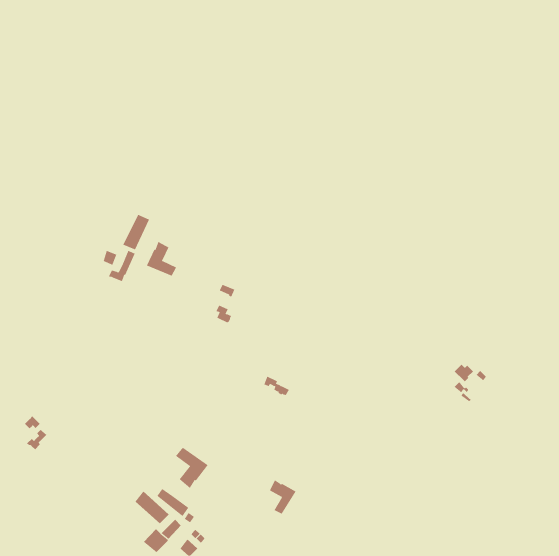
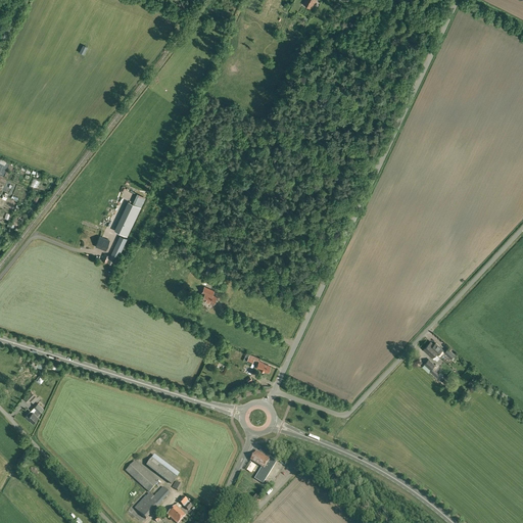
building: [146,241,177,277] -> none
building: [175,447,208,489] -> none

